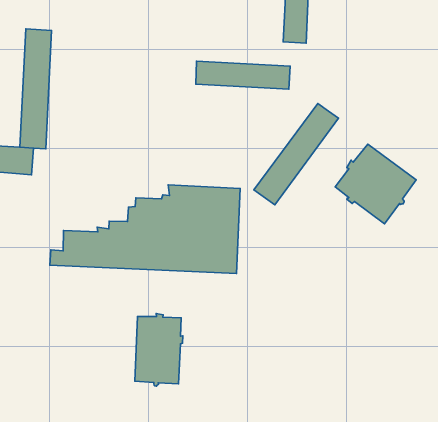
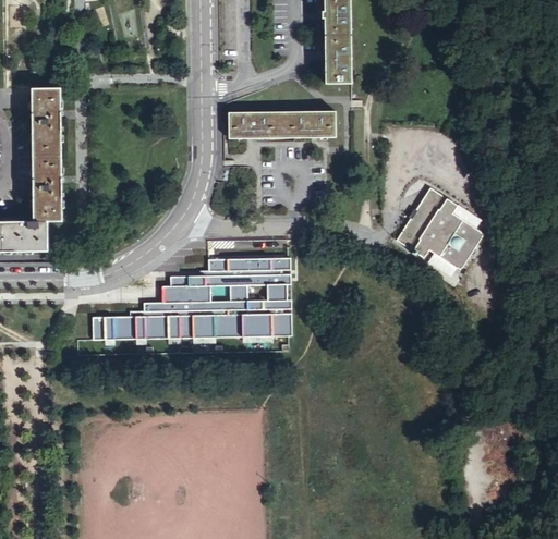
building: [254,103,339,205] -> none
building: [135,314,183,386] -> none

